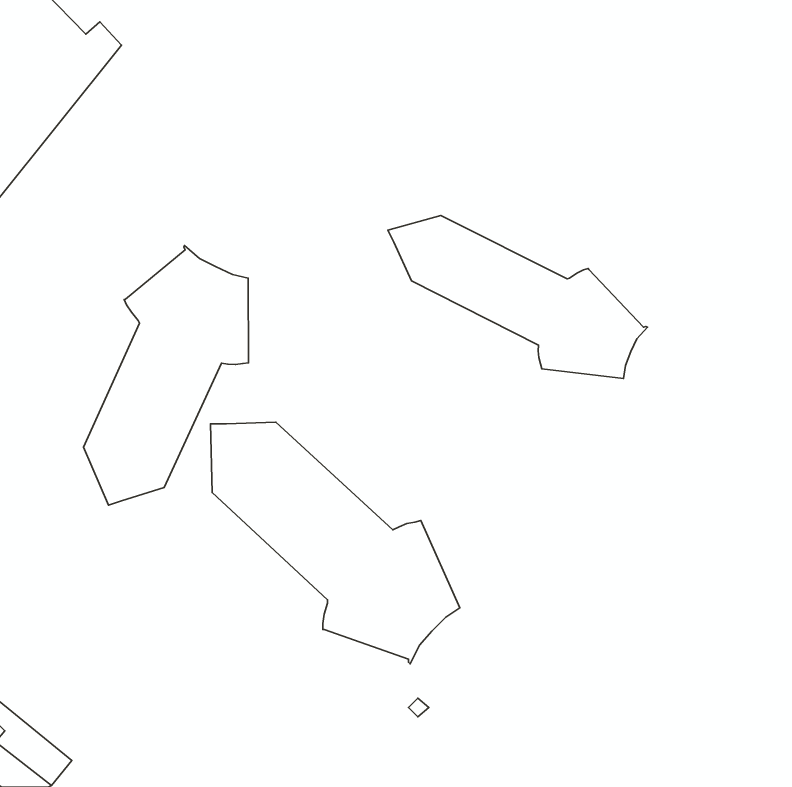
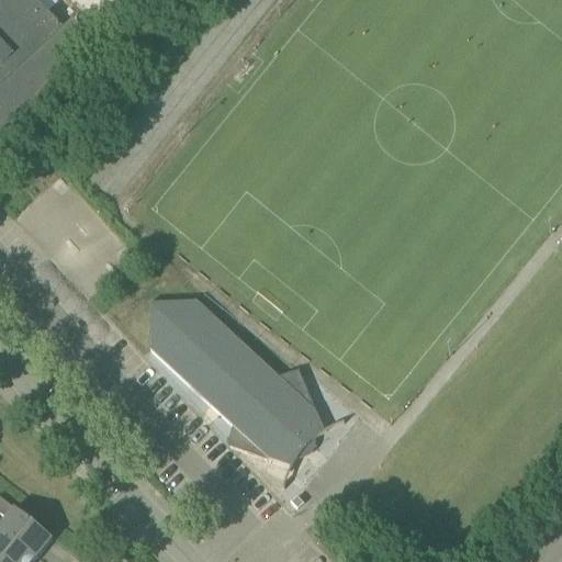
building: [388,215,648,379] -> none
building: [83,245,249,505] -> none

